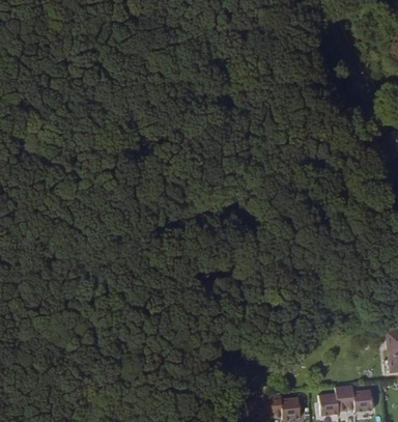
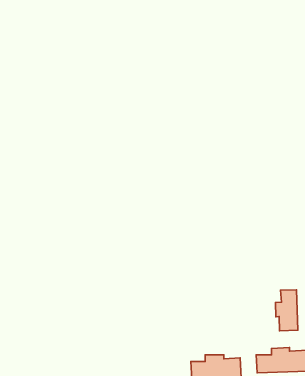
building: none -> [276,290,298,331]

